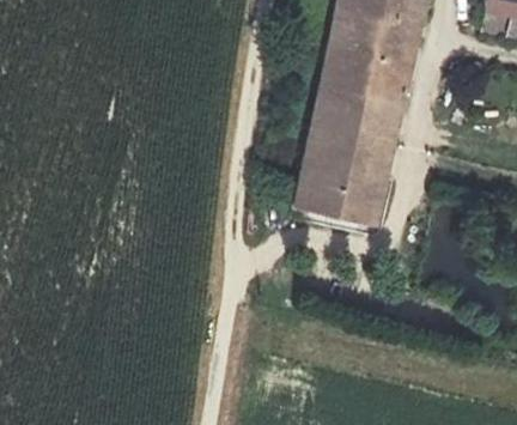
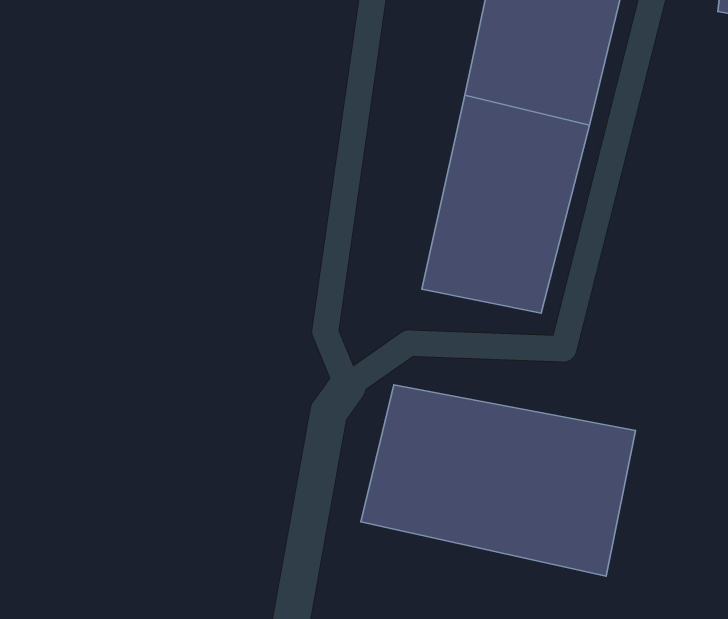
building: none -> [361,385,636,576]

